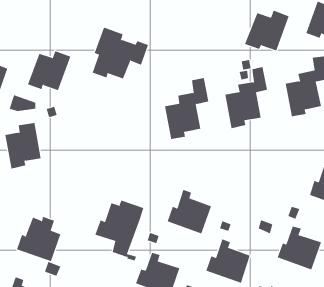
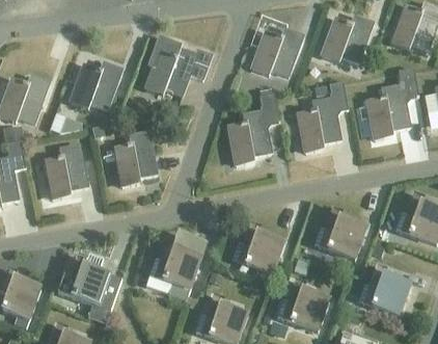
building: none -> [251,29,303,76]
building: none -> [114,132,157,186]
building: none -> [313,208,365,259]

